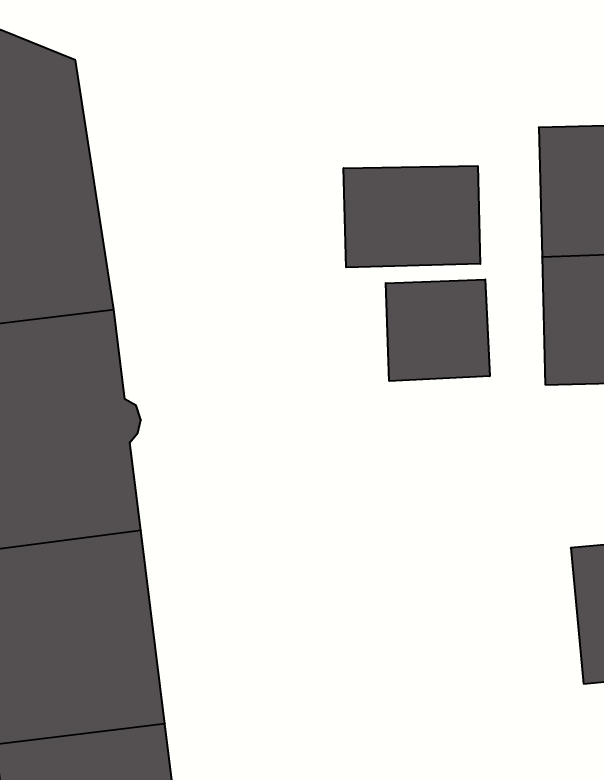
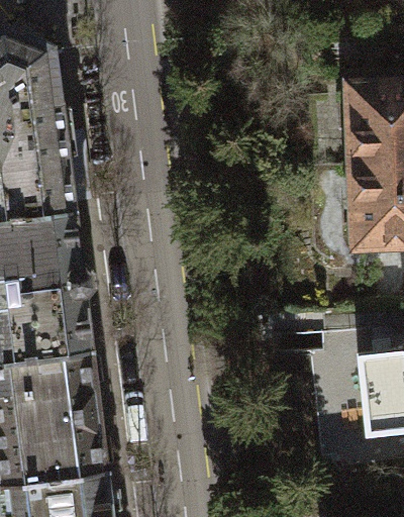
building: [344,166,480,267] -> none
building: [386,279,490,381] -> none

